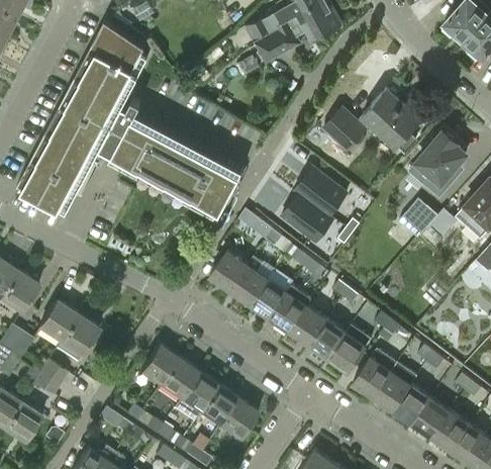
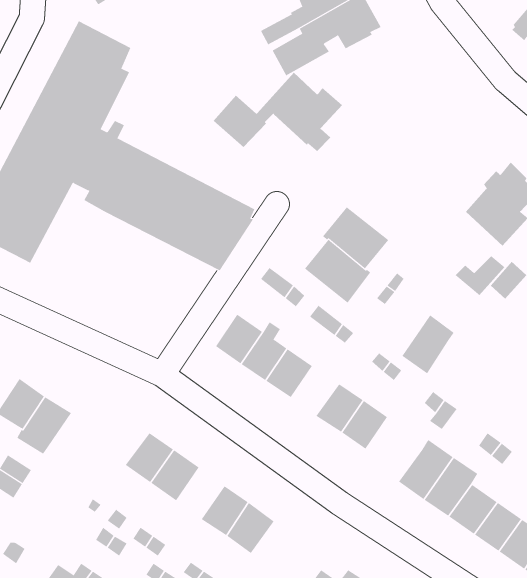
building: [323,88,425,151] -> [213,72,343,152]
building: [271,283,311,330] -> none
building: [329,323,371,370] -> [402,315,454,374]
building: [175,370,218,419] -> none

